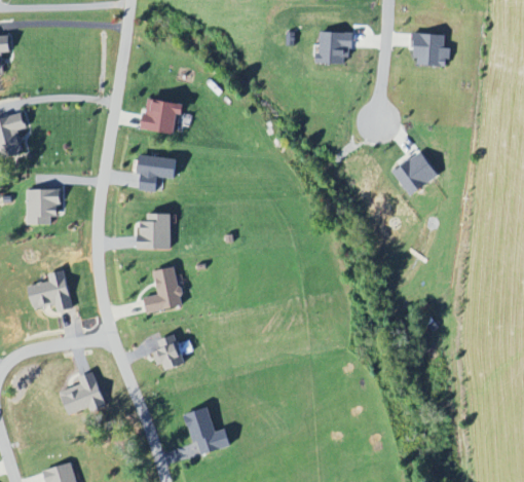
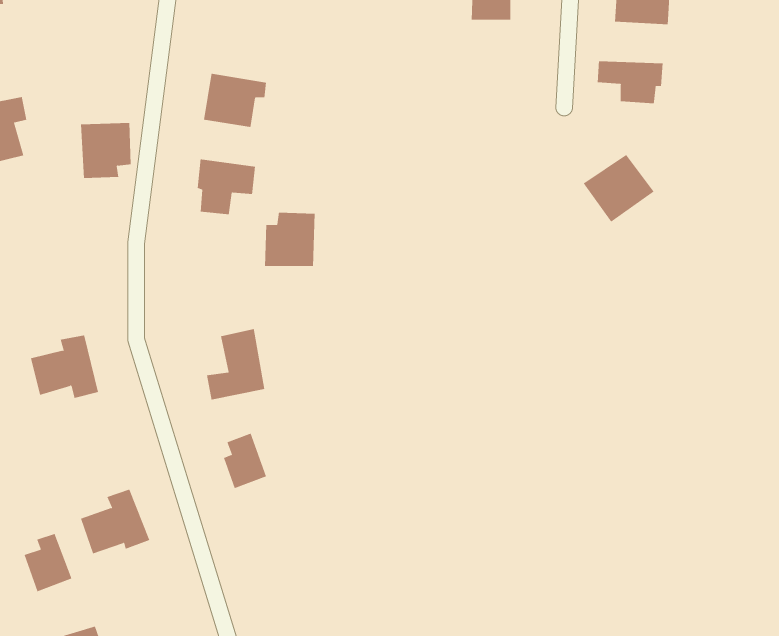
building: none -> [597,60,663,104]
building: [25,188,59,225] -> [80,123,132,179]
building: [137,213,171,249] -> [264,212,315,267]
building: none -> [24,533,72,592]
building: [183,408,230,455] -> none

